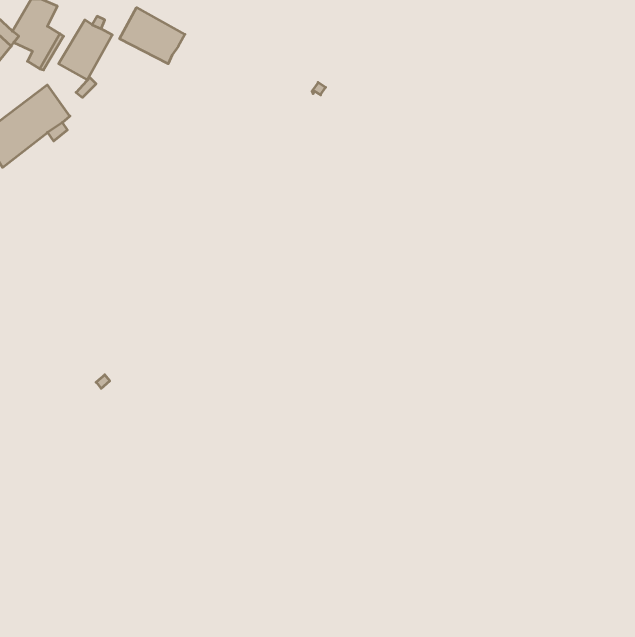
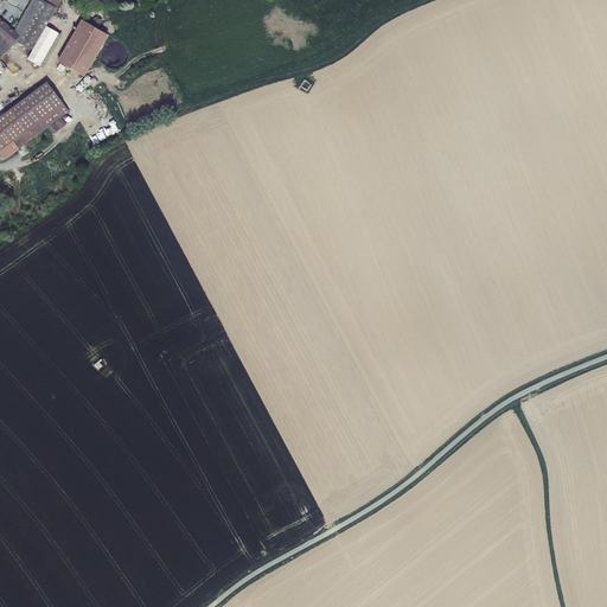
building: [120,8,185,64] -> none

